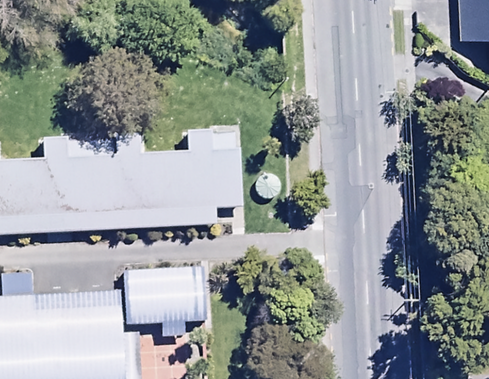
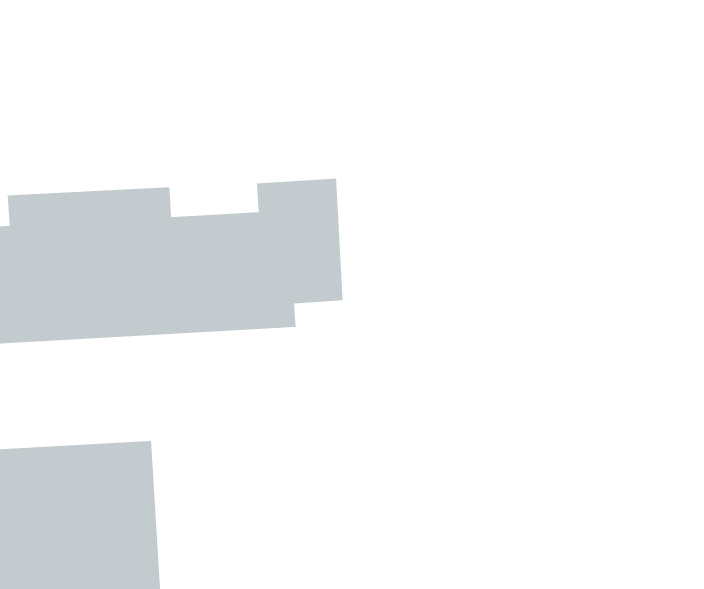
building: [131,263,198,327] -> none

